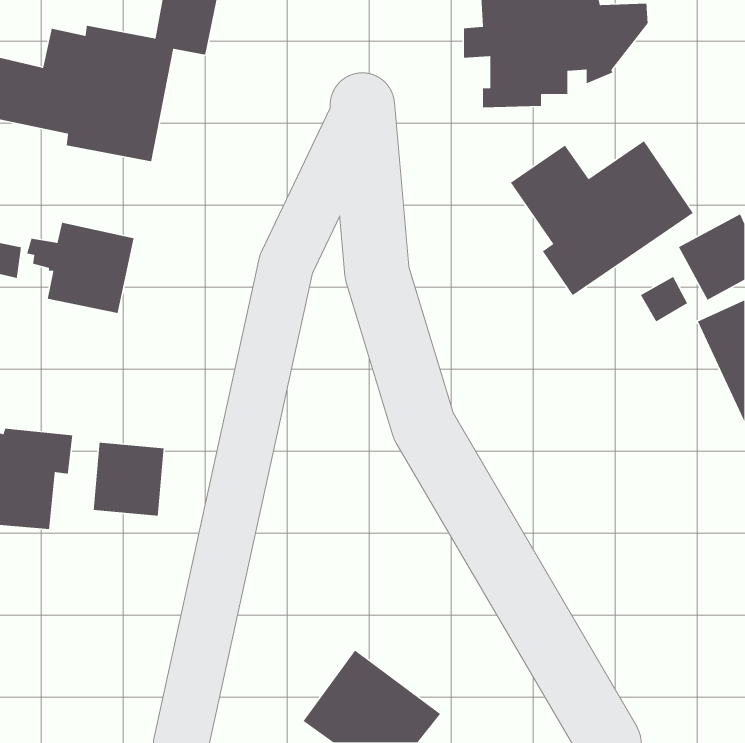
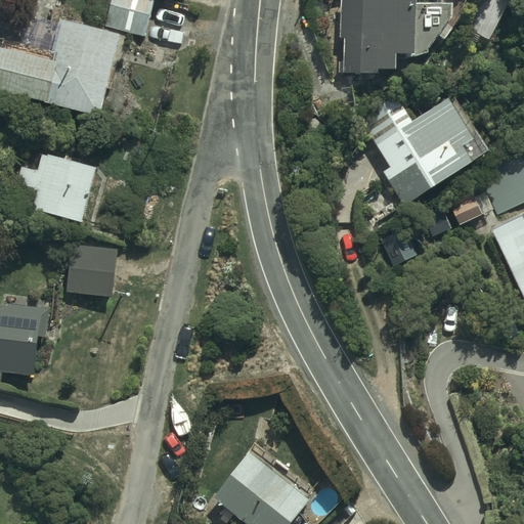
building: [93,442,164,516] -> [68,247,118,299]

